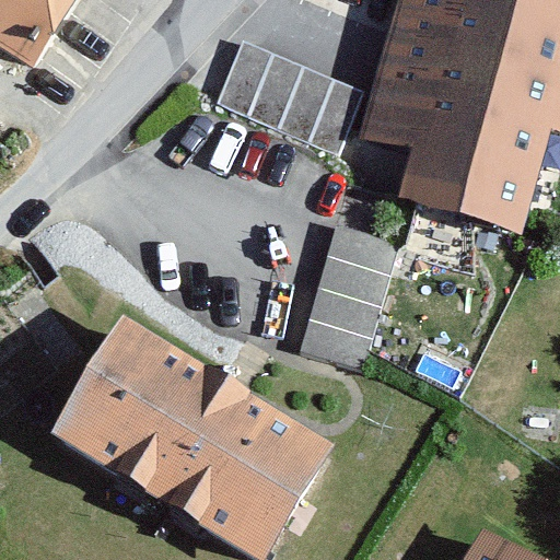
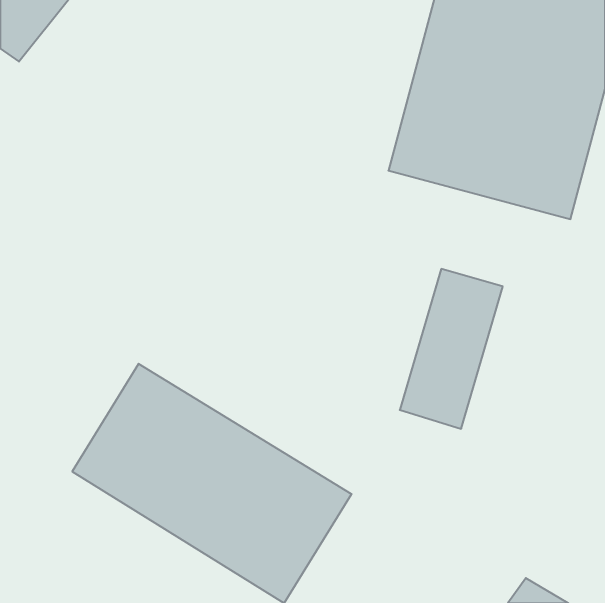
building: [217,43,364,155] -> none
building: [301,225,396,373] -> [400,269,503,429]

